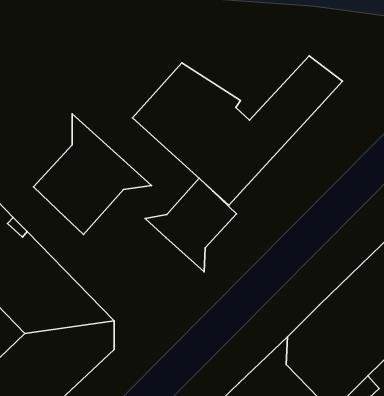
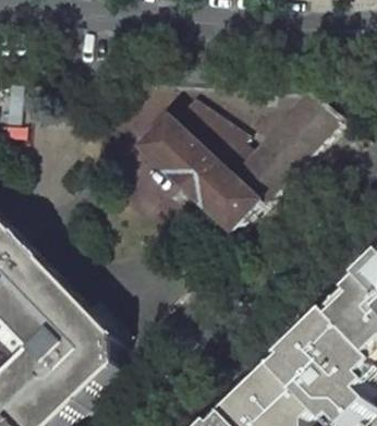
building: [33,114,151,235] -> none
building: [145,178,236,272] -> none

